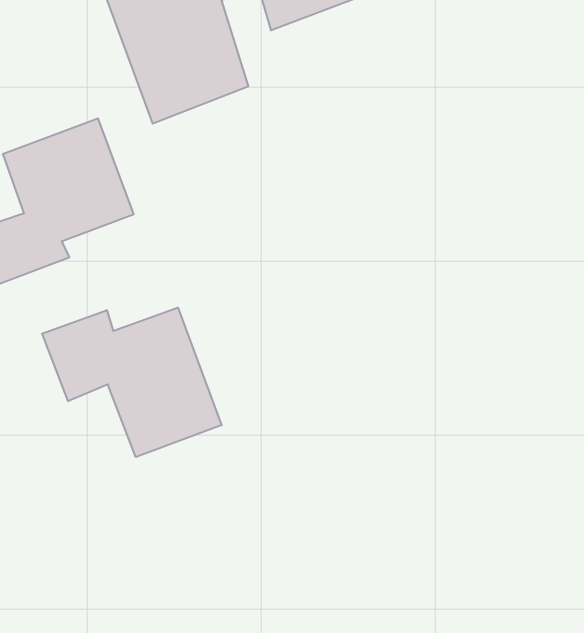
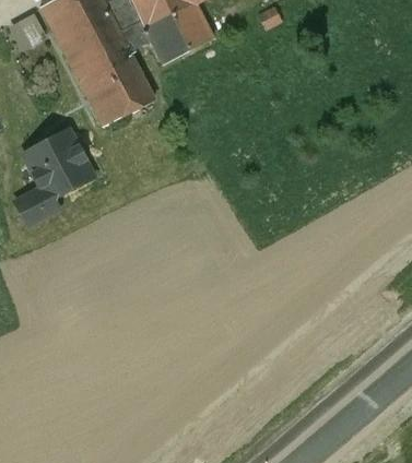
building: [42,308,222,457] -> none

